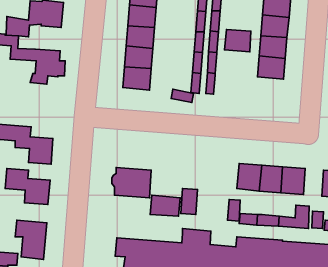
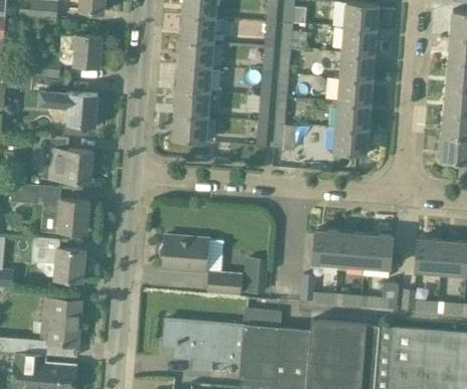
building: [225,29,251,52] -> none
building: none -> [333,127,367,155]
building: none -> [38,135,94,183]

